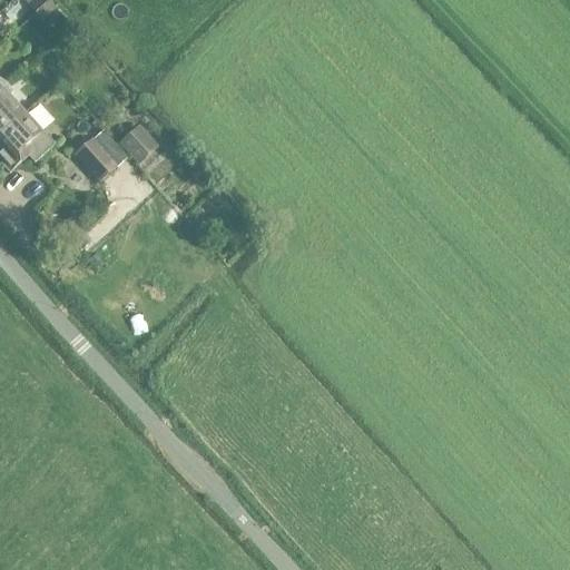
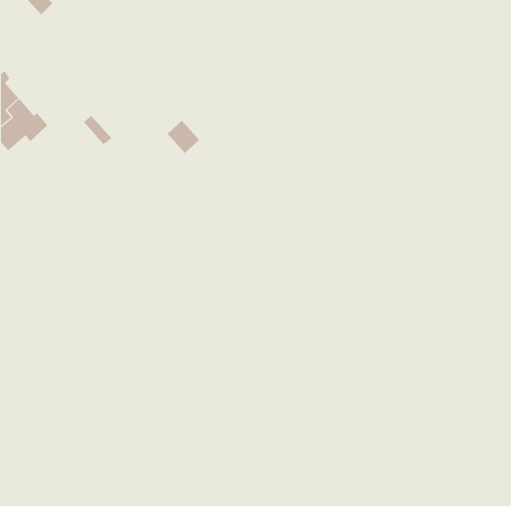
building: [120,122,157,160] -> [167,120,200,154]
building: [75,136,115,176] -> none

